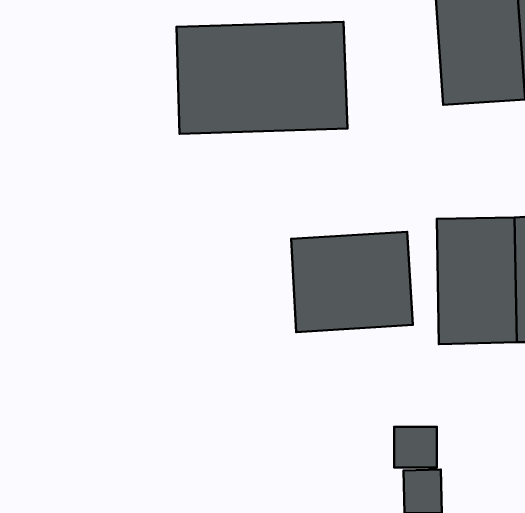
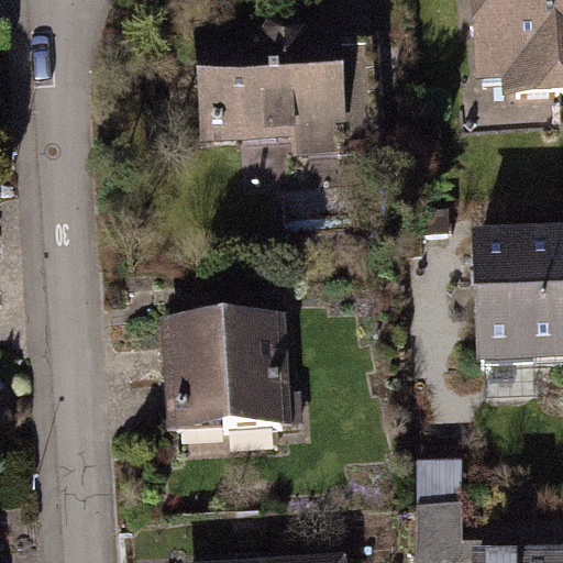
building: [291,232,413,332] -> none
building: none -> [165,316,289,449]

